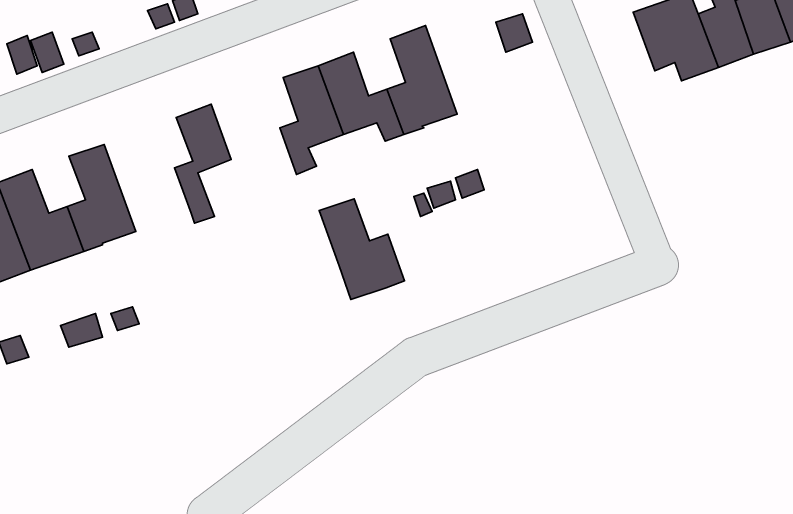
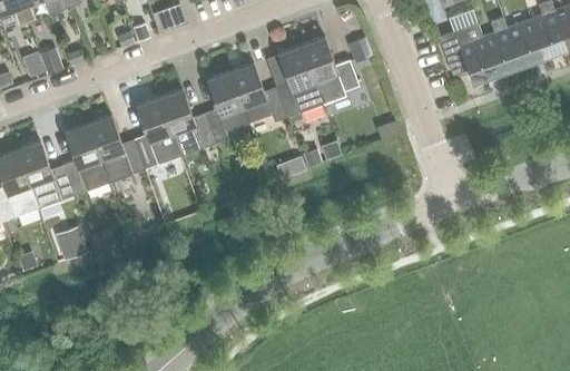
building: none -> [301,37,358,104]
building: none -> [87,115,145,182]
building: [319,199,405,299] -> [158,89,215,156]

